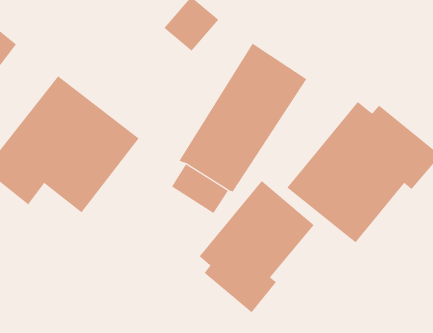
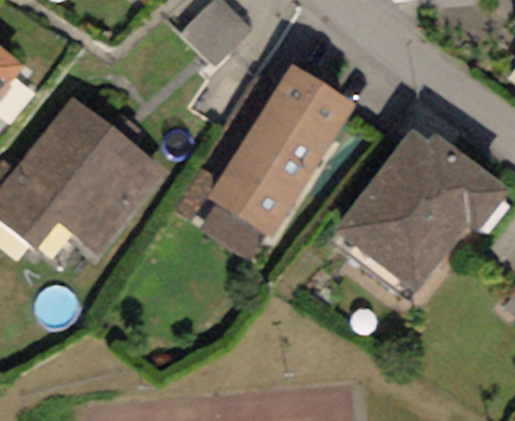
building: [199,180,314,313] -> none

